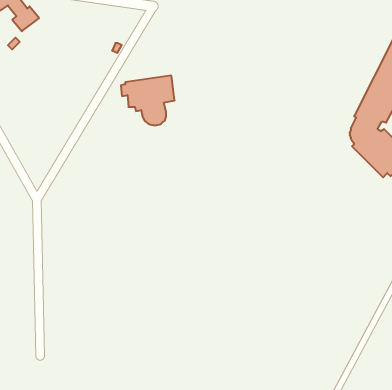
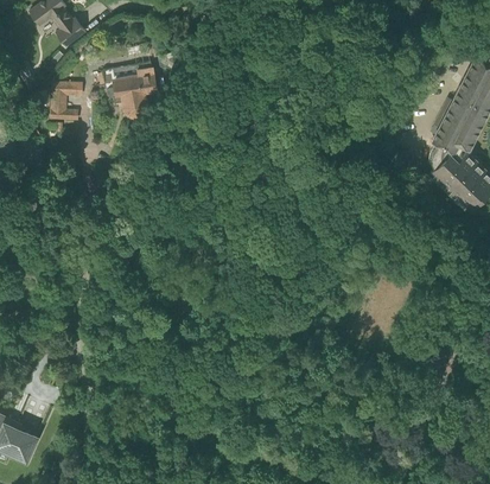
building: none -> [51,83,83,122]
building: [121,76,175,125] -> [98,65,158,120]

